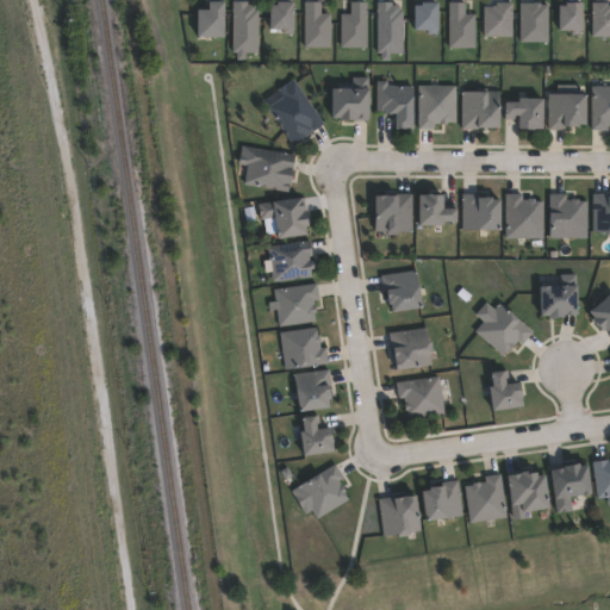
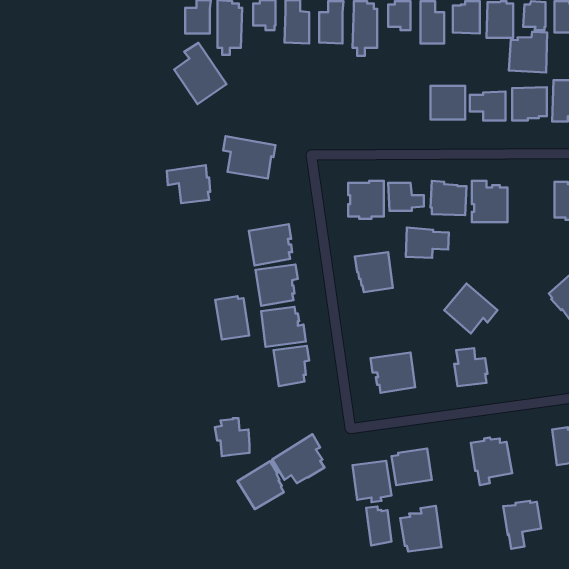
building: none -> [509,32,547,73]
building: [329,76,367,119] -> none
building: [267,79,323,144] -> [174,43,226,104]
building: [375,80,411,129] -> none
building: [418,85,455,129] -> none
building: [548,194,586,237] -> none
building: [259,198,305,238] -> [167,165,210,203]
building: none -> [406,228,449,258]
building: [539,274,575,319] -> none
building: none -> [215,296,249,340]
building: [388,326,434,371] -> none
building: [293,416,330,456] -> [215,418,250,456]
building: [549,460,590,511] -> [503,501,541,549]
building: [462,472,506,521] -> [400,506,442,552]
building: none -> [238,461,284,509]
building: none -> [366,506,392,546]

